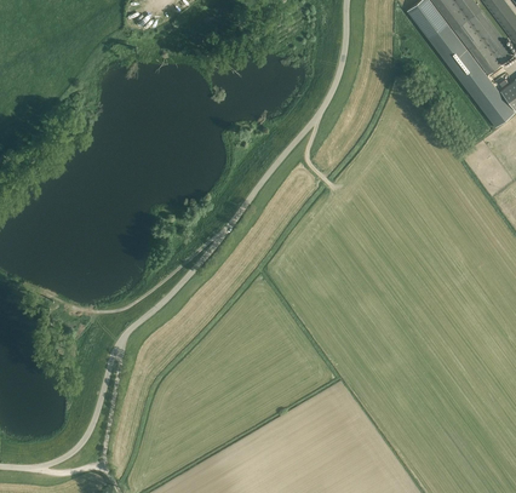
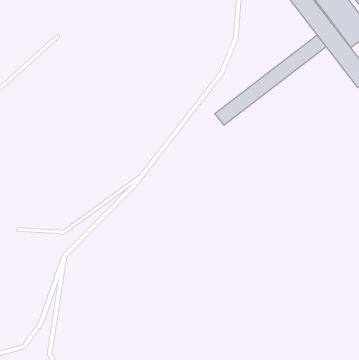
building: none -> [215,35,326,125]

